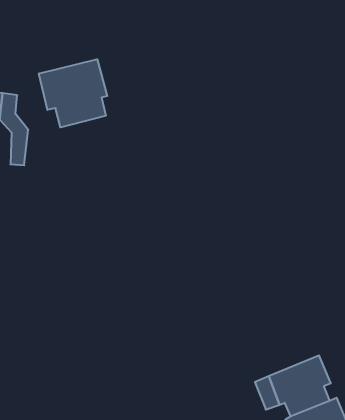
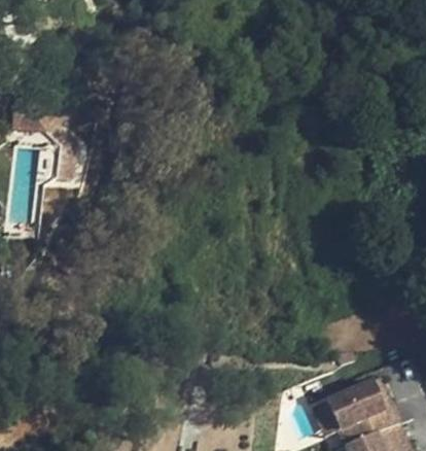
building: [39,59,107,127] -> none

